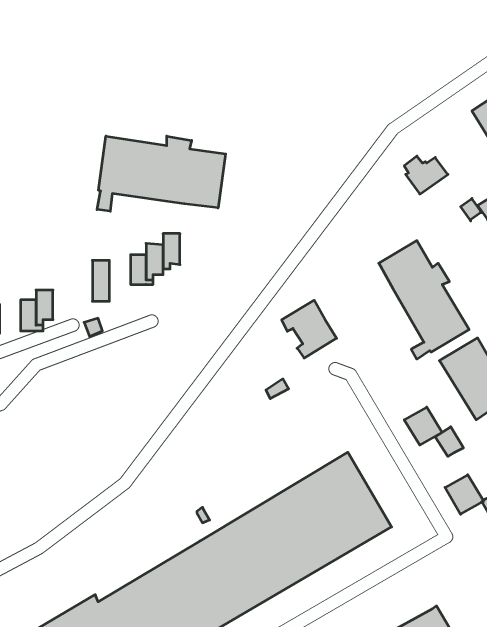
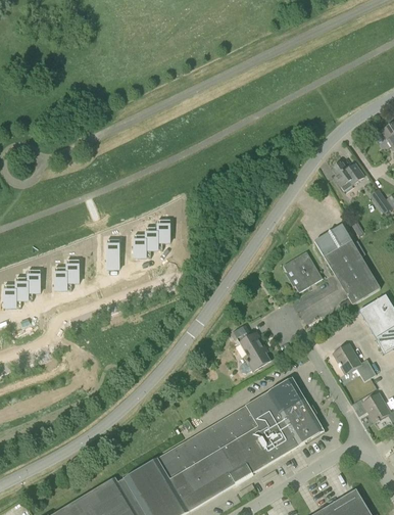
building: [97,136,226,211] -> none
building: [282,300,337,358] -> [283,250,323,292]
building: none -> [240,333,269,373]

